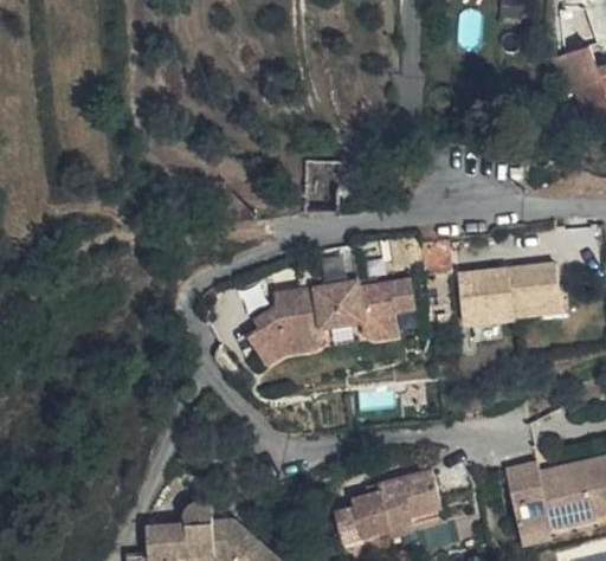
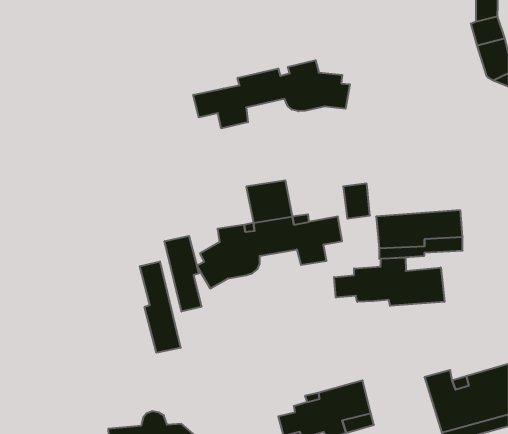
building: none -> [193,60,350,128]
building: none -> [165,236,202,312]
building: none -> [334,258,444,306]
building: none -> [140,261,181,353]

